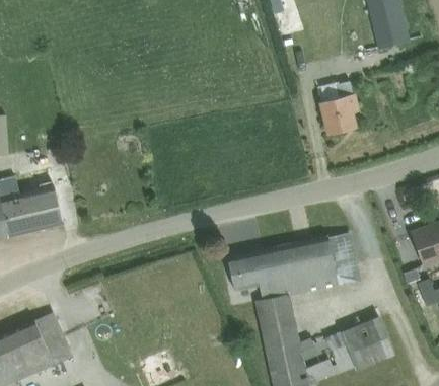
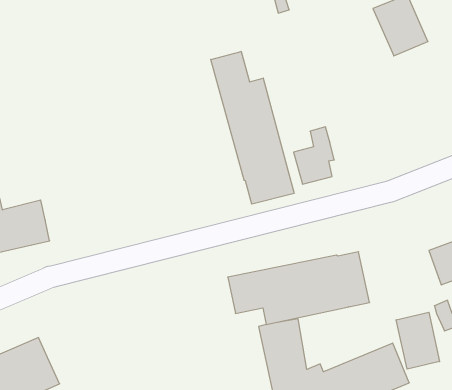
building: none -> [211,51,294,204]
building: [319,81,357,134] -> [294,127,334,184]
building: none -> [396,312,440,369]

